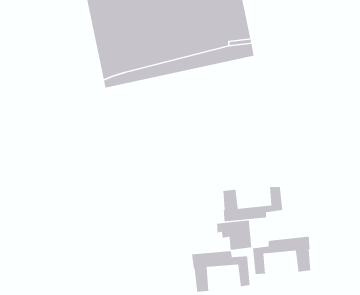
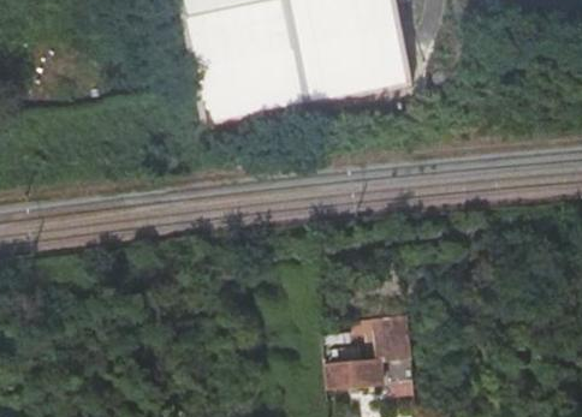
building: [222,186,283,222] -> none
building: [252,236,311,275] -> none

